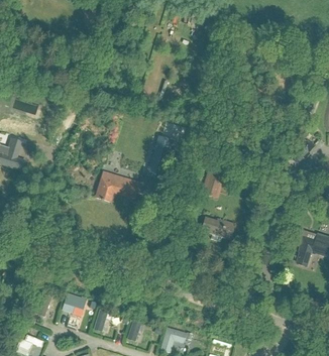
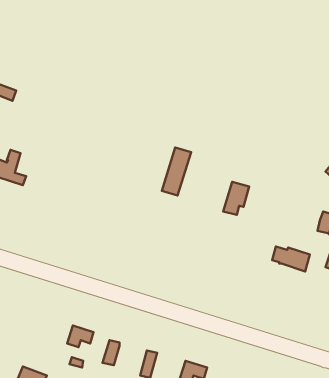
building: [95,176,137,202] -> none
building: [201,218,234,240] -> [272,246,310,271]

